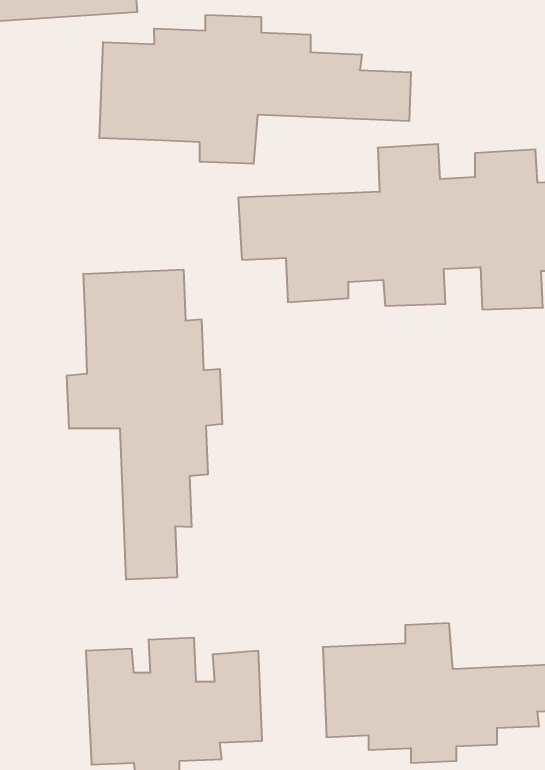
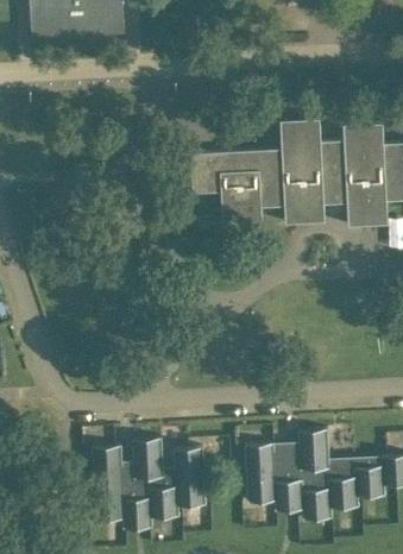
building: [99,15,411,164] -> none
building: [67,270,222,580] -> none

